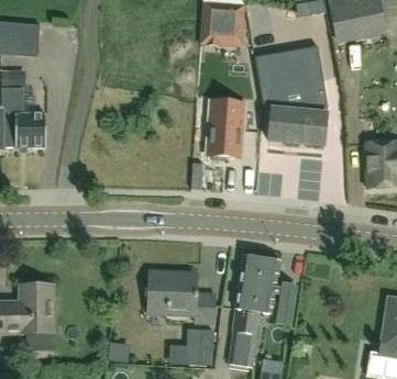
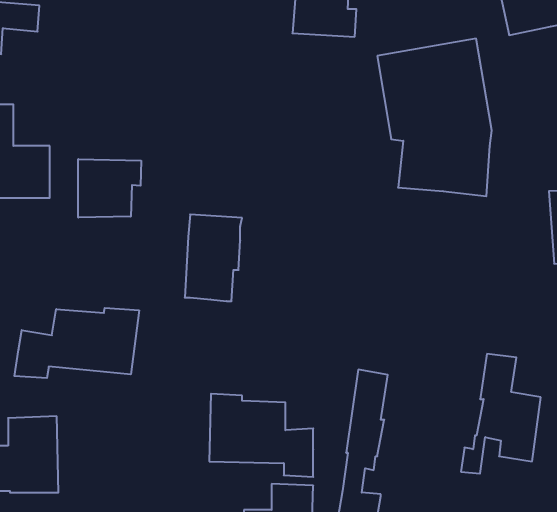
building: [208,101,244,156] -> [185,214,242,301]
building: none -> [78,159,141,218]
building: none -> [14,308,139,378]
building: [244,258,295,334] -> [461,354,541,474]

